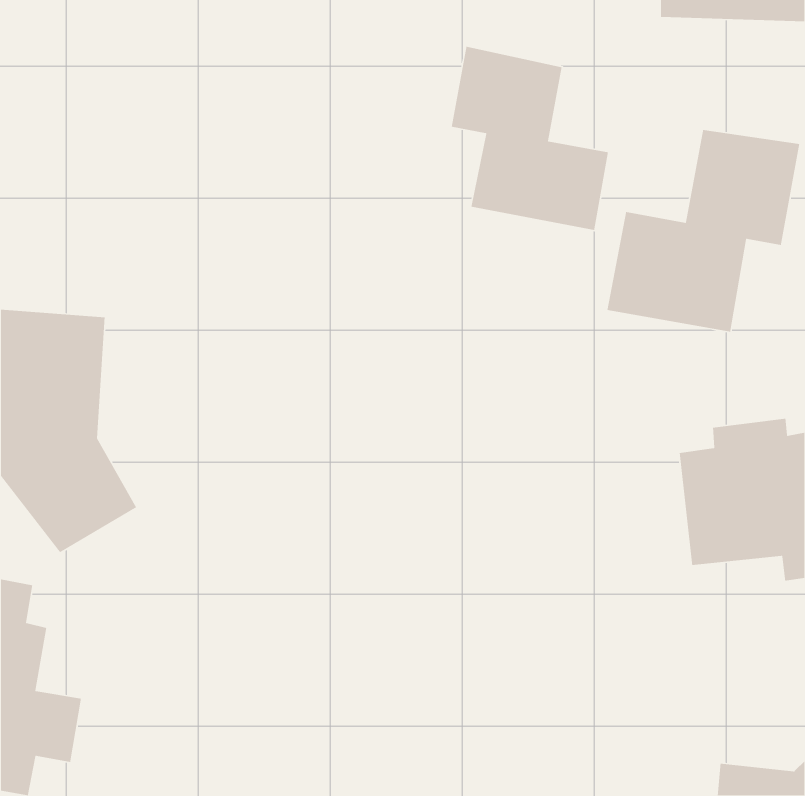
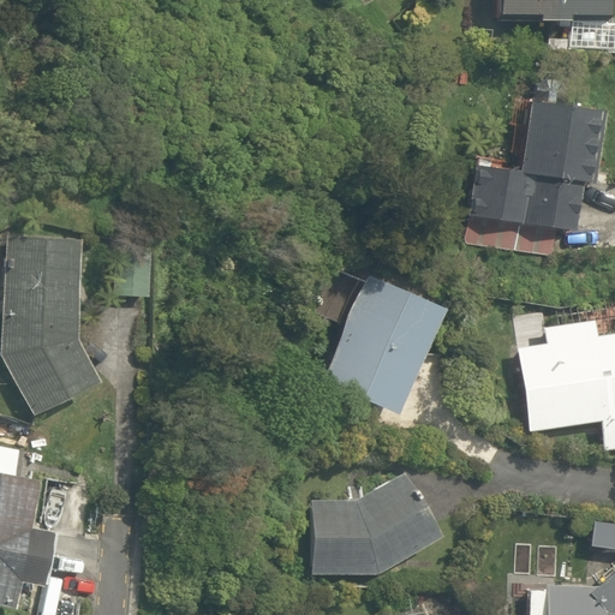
building: [451,46,609,231] -> none
building: none -> [308,262,456,422]
building: none -> [297,473,446,575]

